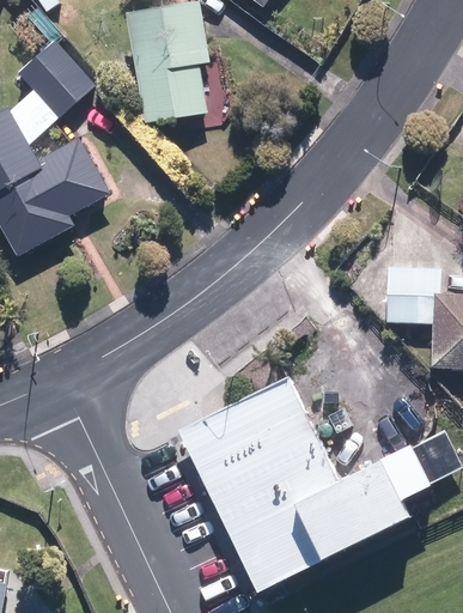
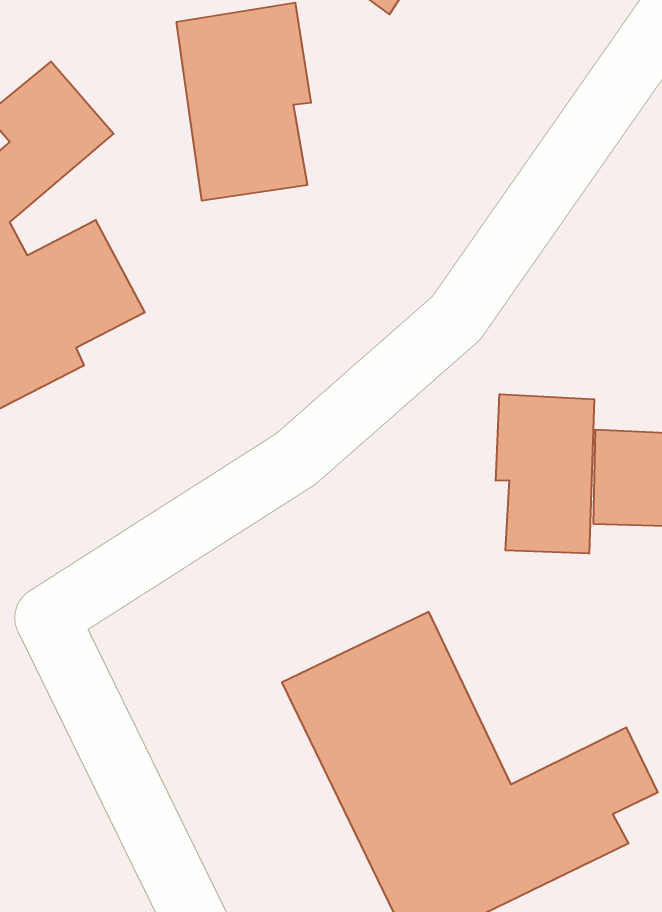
building: none -> [496,394,594,554]

